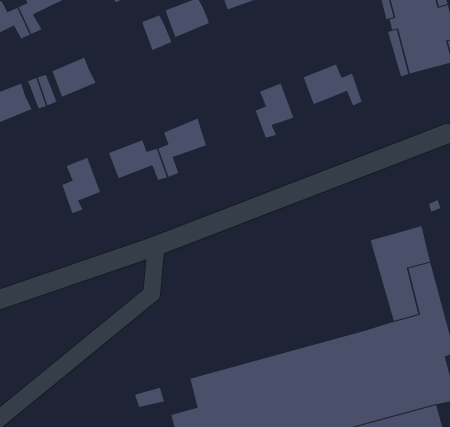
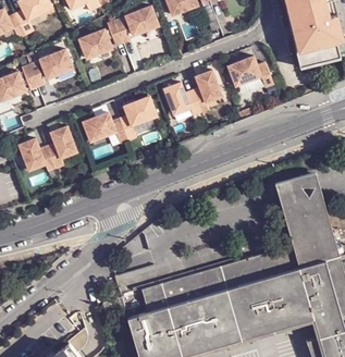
building: none -> [77,27,110,57]
building: none -> [163,82,199,114]
building: none -> [19,138,54,171]

